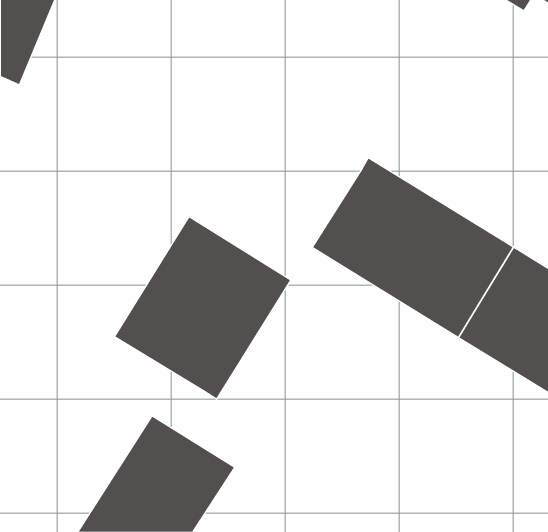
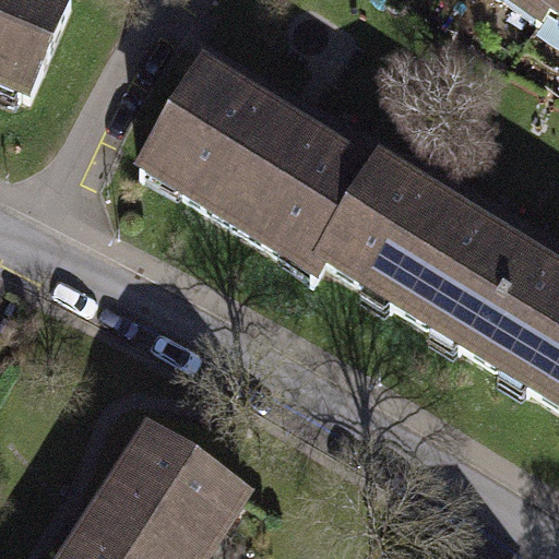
building: none -> [139,67,369,266]
building: [115,216,291,399] -> none

